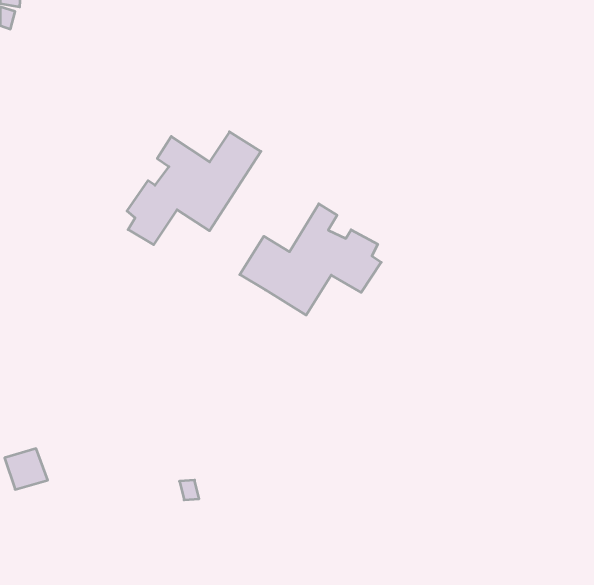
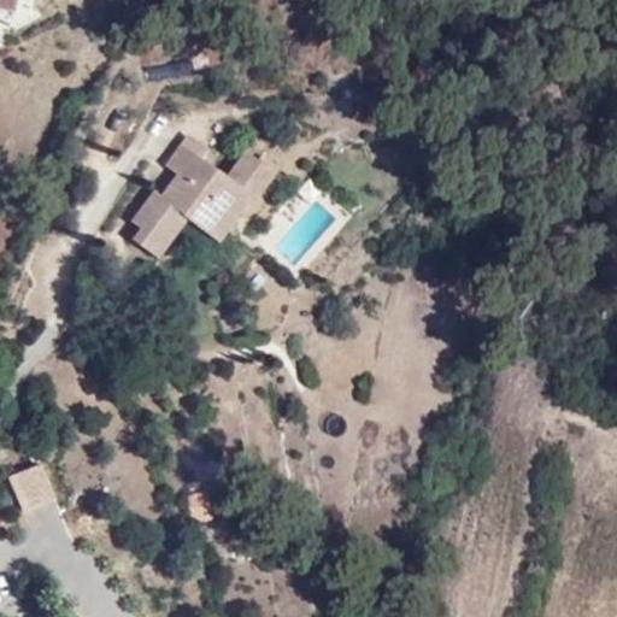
building: [240,204,381,315] -> none

